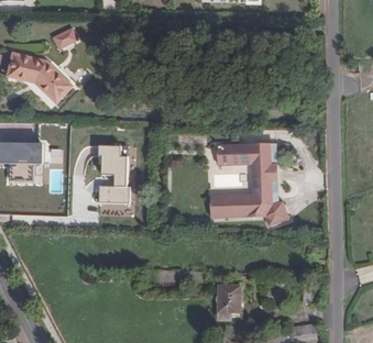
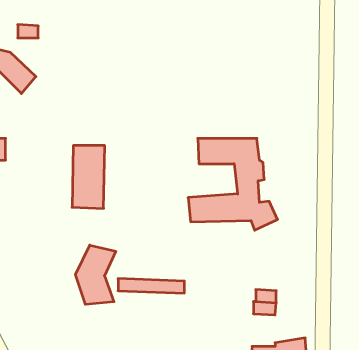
building: none -> [76,245,116,304]
building: [217,286,239,320] -> none

